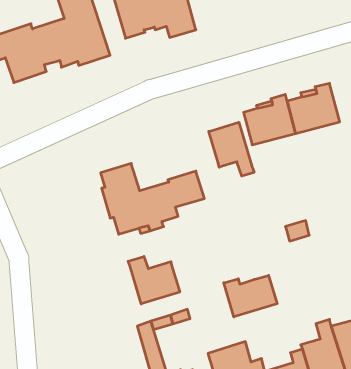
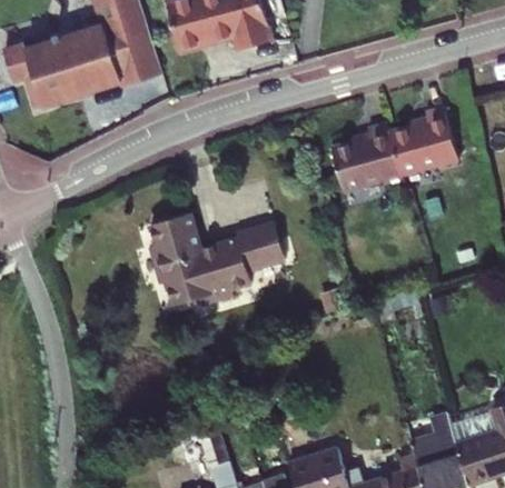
building: [209,122,254,176] -> none
building: [128,256,180,304] -> none
building: [224,275,277,317] -> none

